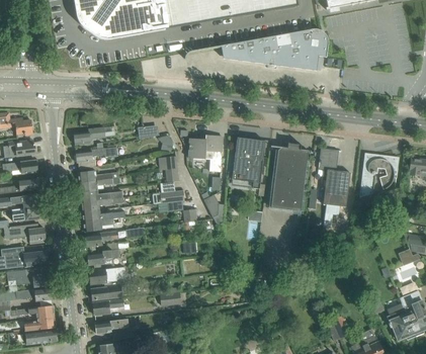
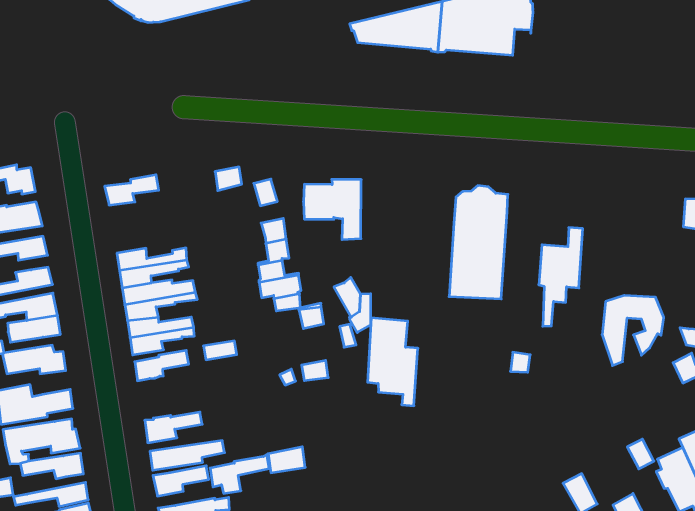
building: [233,137,263,189] -> [368,318,418,406]
building: [75,147,117,169] -> none
building: [318,148,342,182] -> none
building: [361,154,398,194] -> [602,295,664,366]
building: [87,248,121,269] -> [210,455,269,493]

